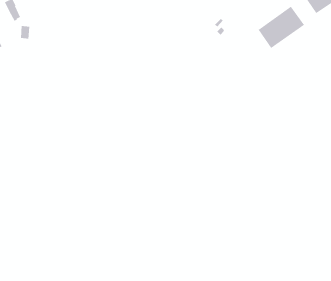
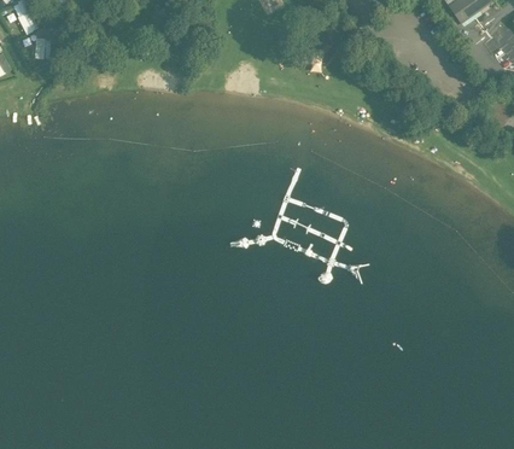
building: [258,6,305,49] -> none

